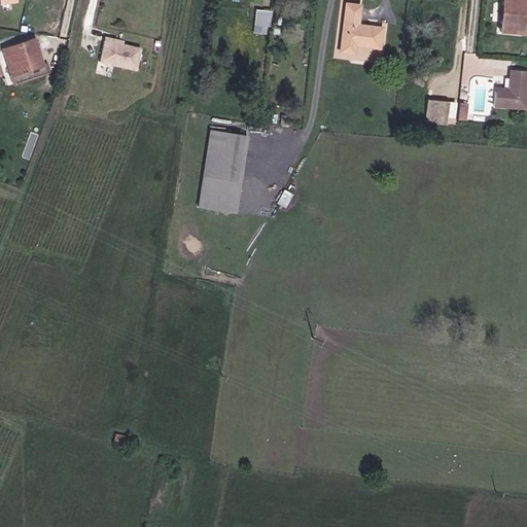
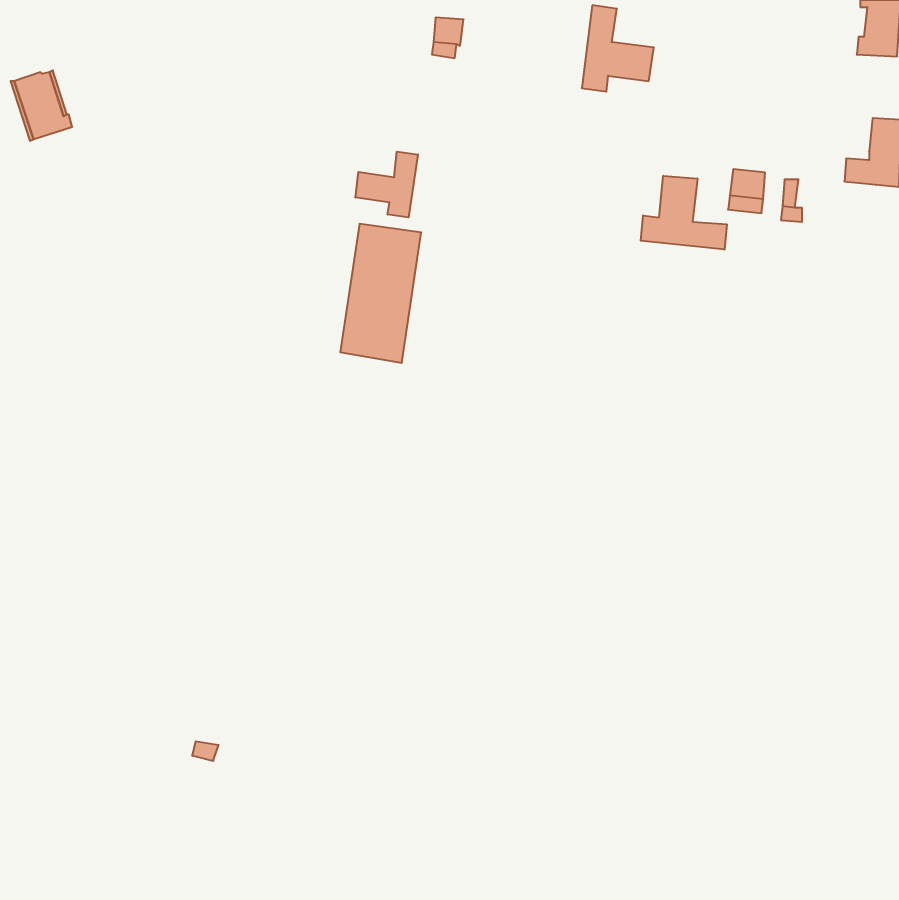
building: [98,39,139,68] -> none
building: none -> [355,152,418,217]
building: none -> [641,176,727,250]

